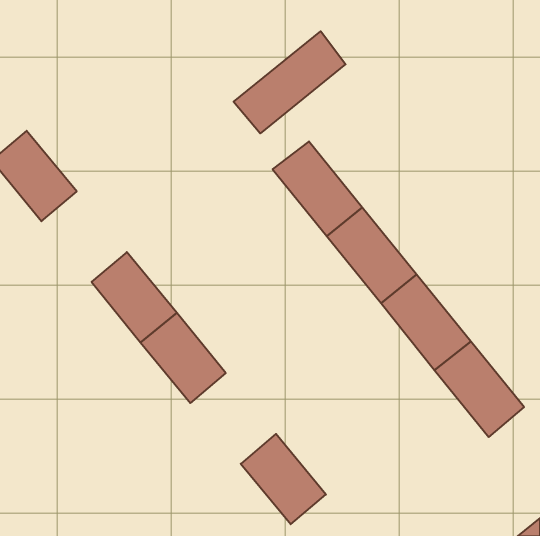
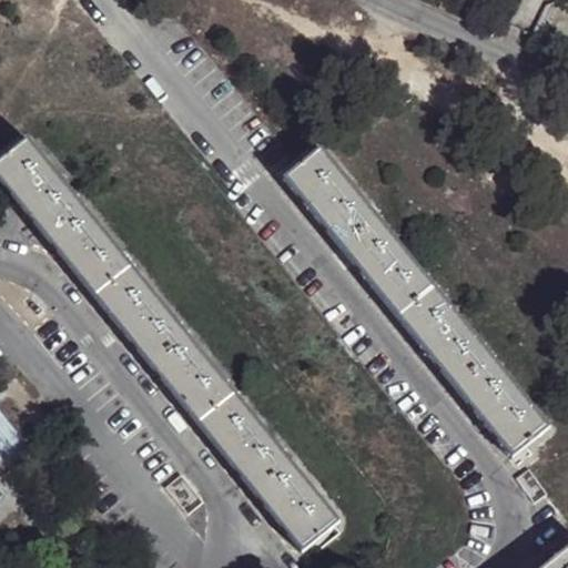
building: [234,31,346,133] -> none
building: none -> [43,200,132,294]
building: none -> [199,389,287,484]

